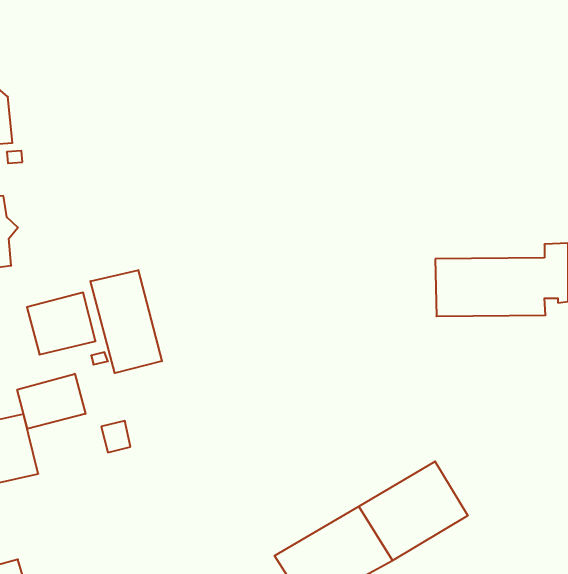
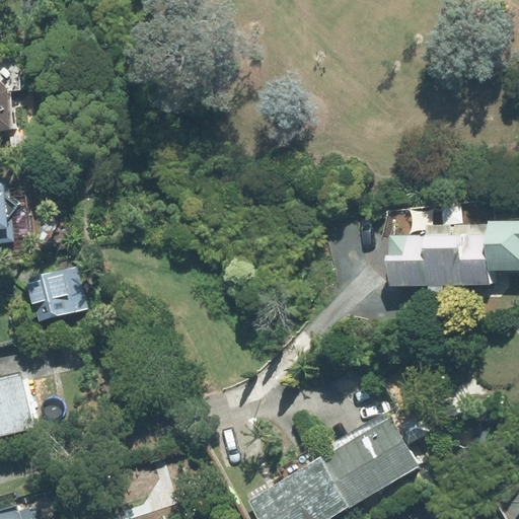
building: [90,270,162,373] -> none
building: [17,374,85,429] -> none

